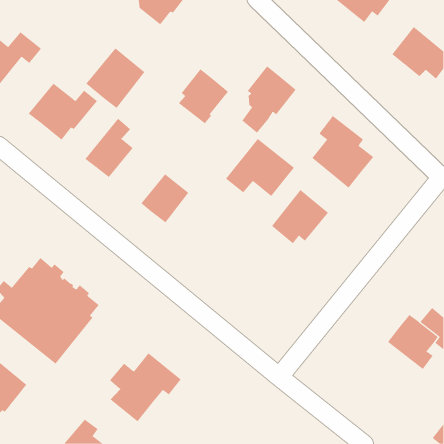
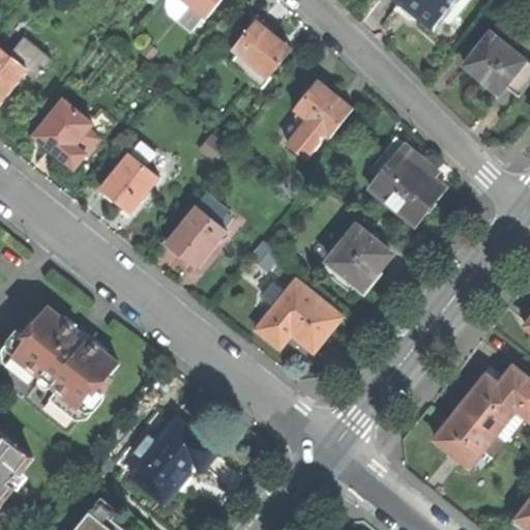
building: [86,48,145,109] -> none
building: [178,68,229,124] -> [230,20,290,86]
building: [225,138,295,197] -> [258,279,341,349]
building: none -> [434,406,502,465]

